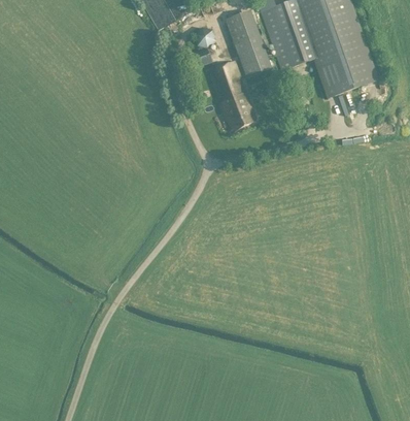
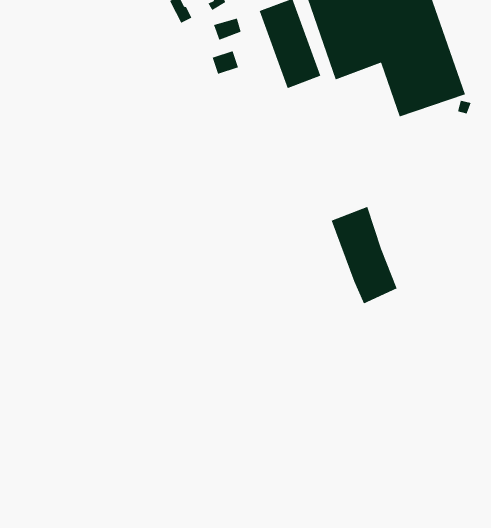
building: [207,59,255,130] -> [331,206,398,304]

